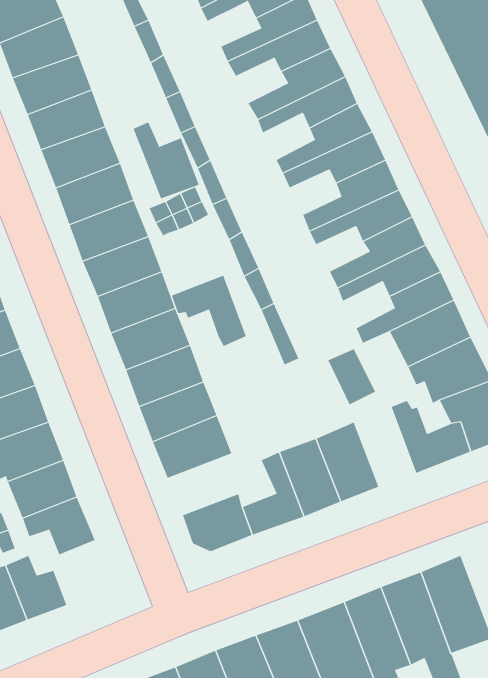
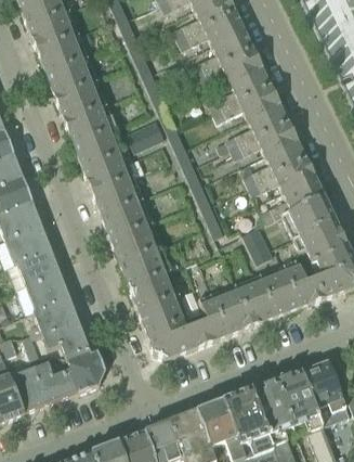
building: [133,122,200,199] -> none
building: [171,275,246,347] -> none
building: none -> [259,265,299,317]
building: none -> [137,295,188,335]
building: none -> [64,349,106,394]

